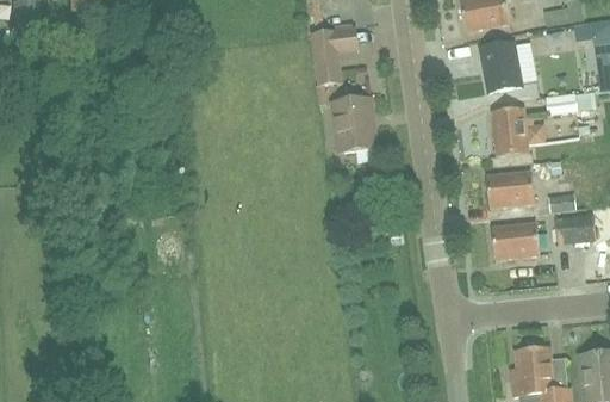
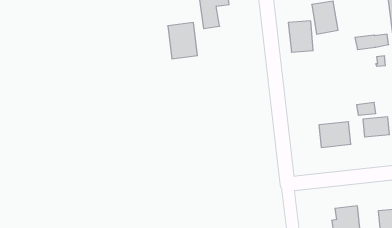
building: [334,97,378,150] -> [168,23,197,59]
building: [491,107,528,154] -> [288,21,313,52]
building: [486,169,533,208] -> none

